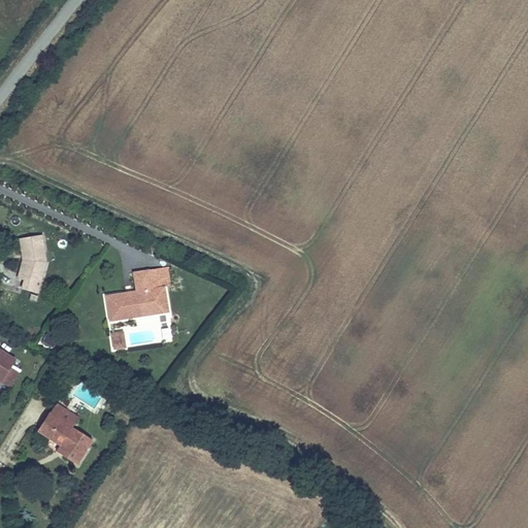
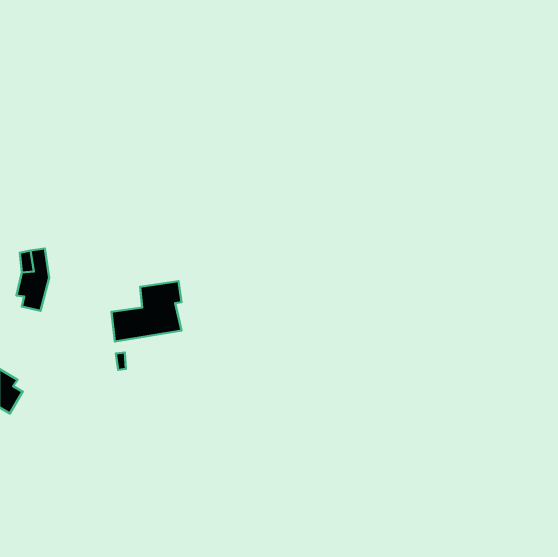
building: [37,402,91,467] -> none

